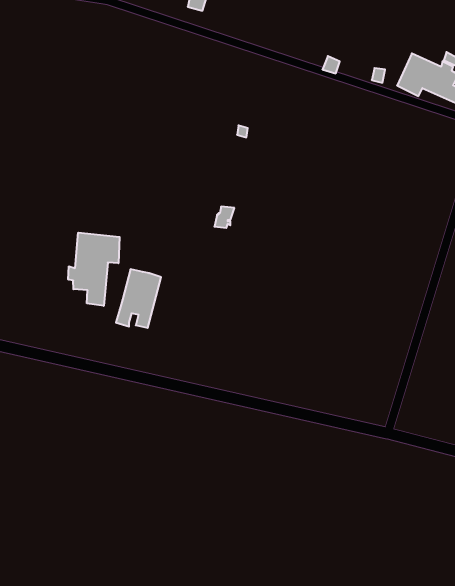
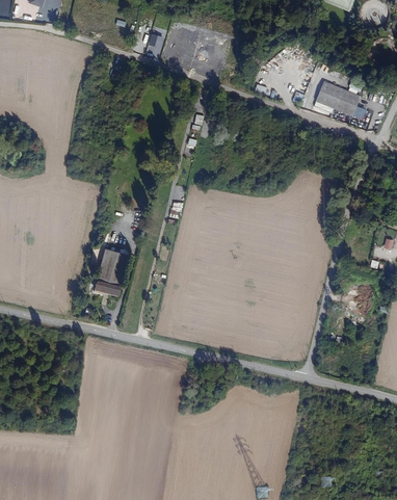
building: [68,233,120,306] -> none

